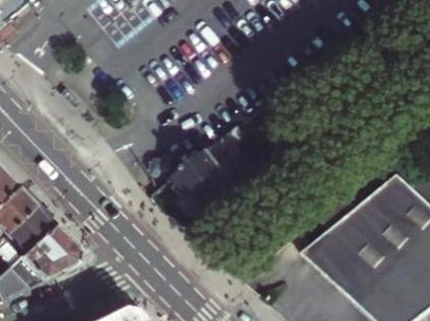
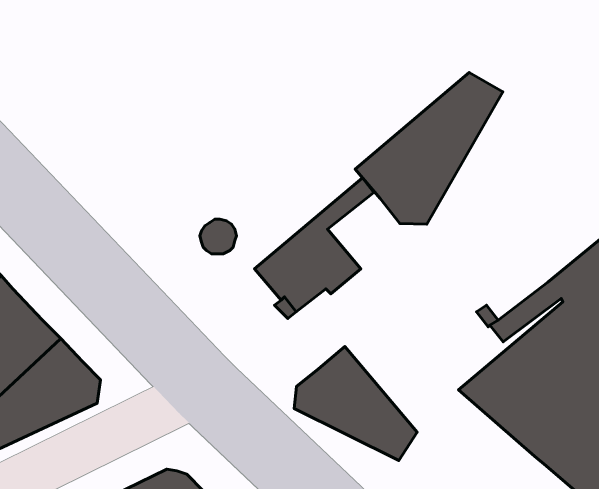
building: none -> [355,72,503,224]
building: none -> [294,347,417,461]

